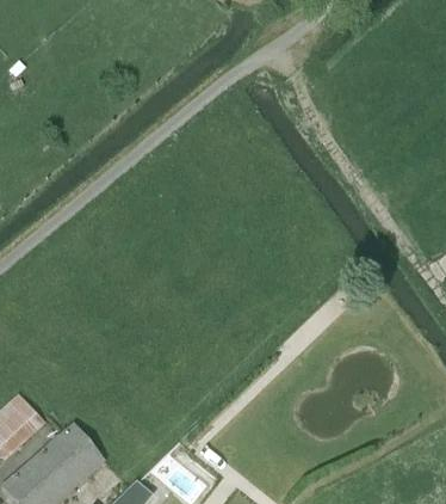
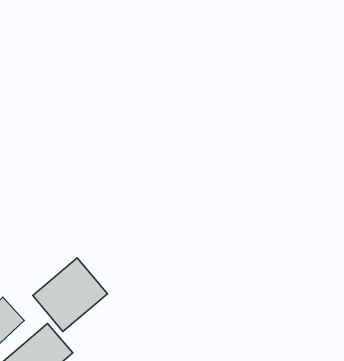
building: none -> [33,258,107,332]

